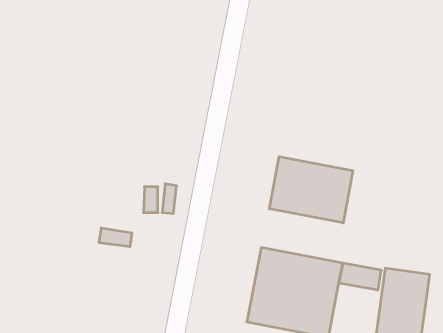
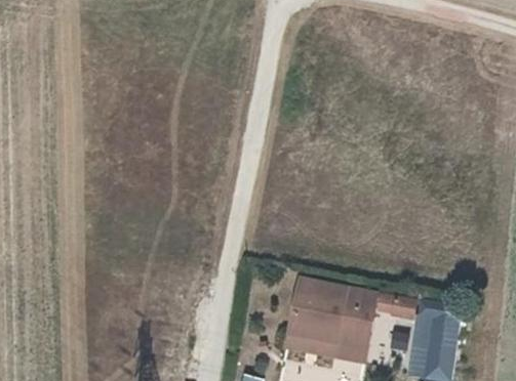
building: [269,157,353,223] -> none

